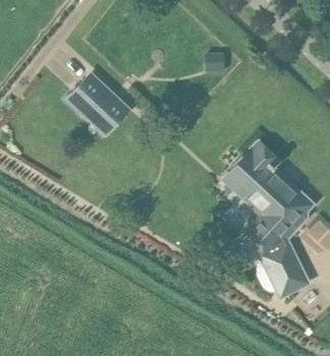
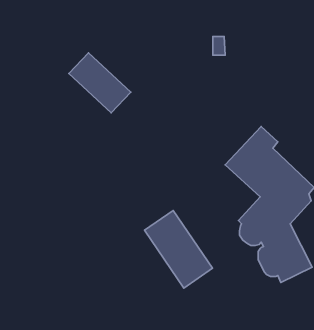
building: none -> [144,210,212,288]

